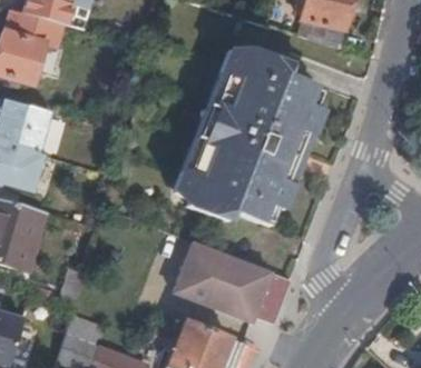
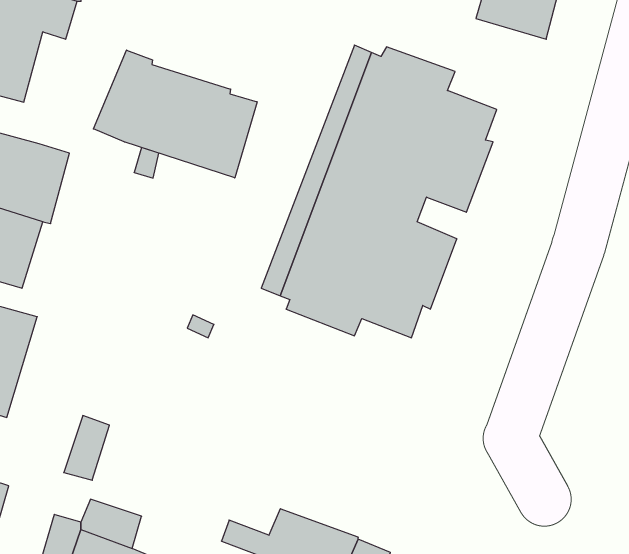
building: none -> [93,50,257,178]
building: [263,88,327,227] -> none
building: [176,240,293,324] -> none

